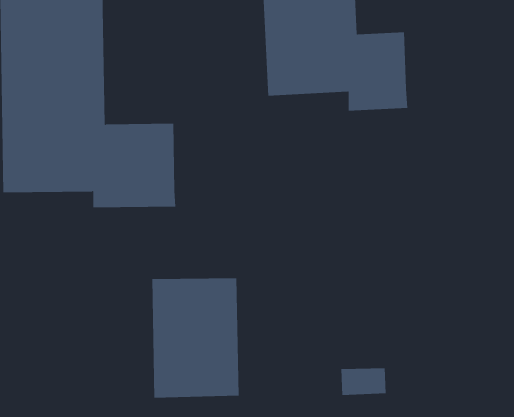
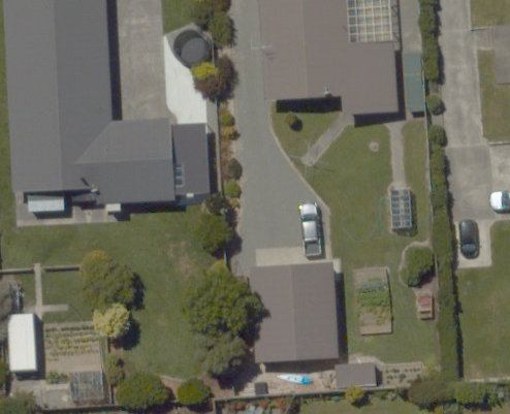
building: [151,278,239,398] -> [256,246,341,361]

